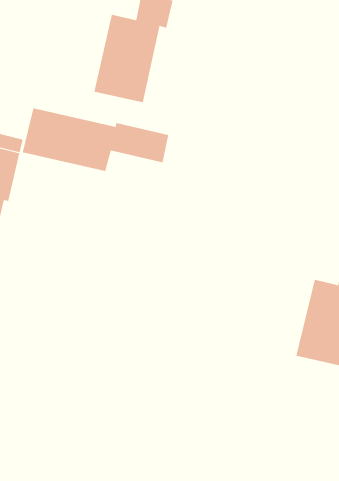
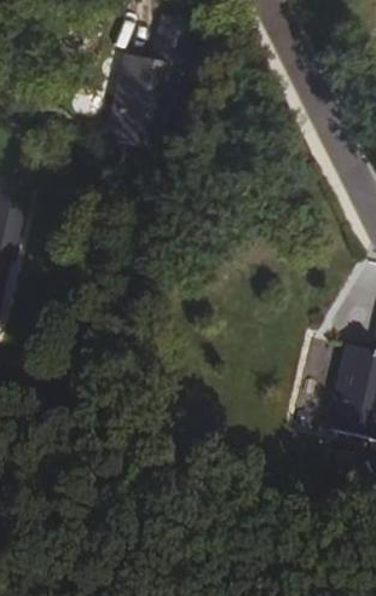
building: [22,108,169,172] -> none

